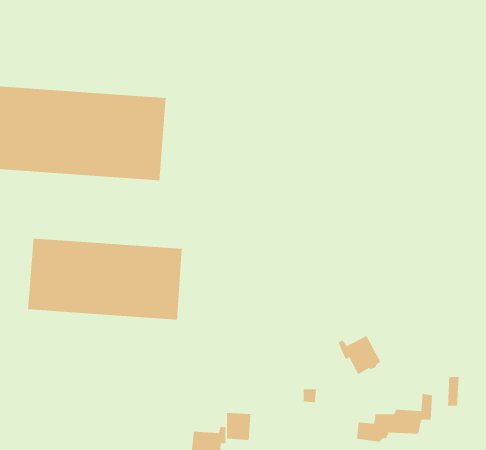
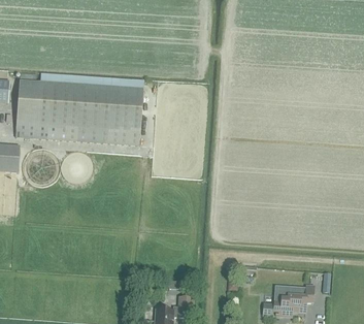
building: [27,238,182,320] -> none
building: [338,335,381,375] -> none

